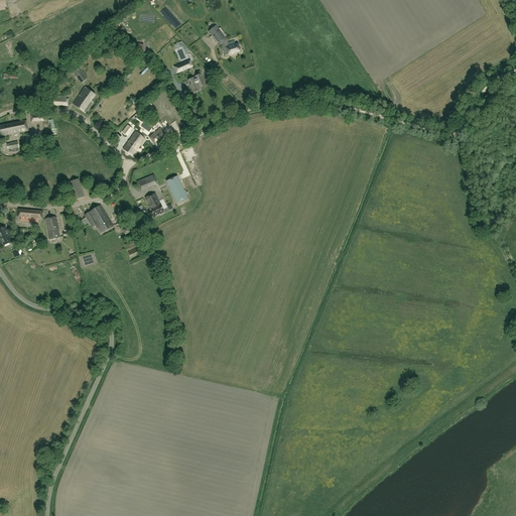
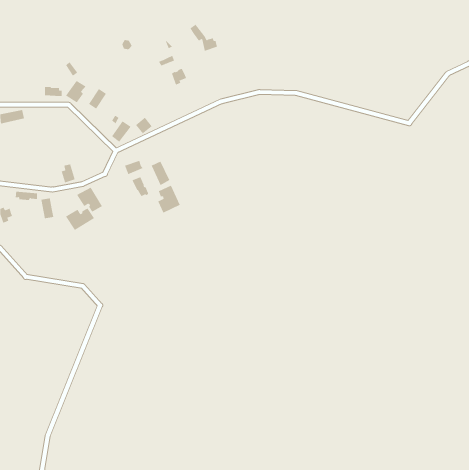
building: none -> [157,185,180,214]
building: none -> [65,208,95,231]

